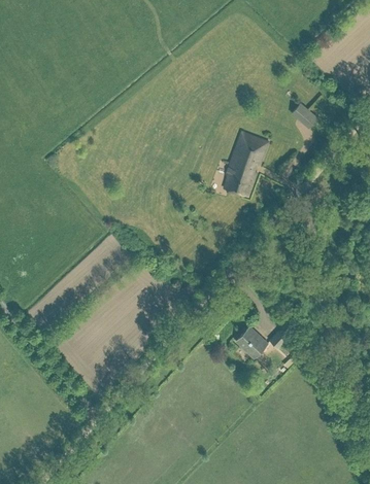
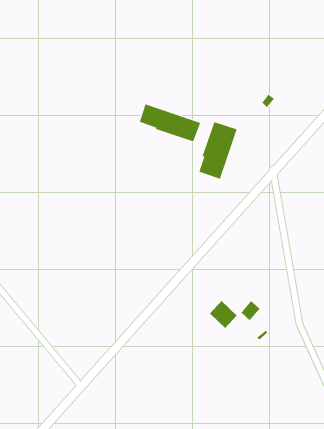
building: none -> [139,104,201,142]

